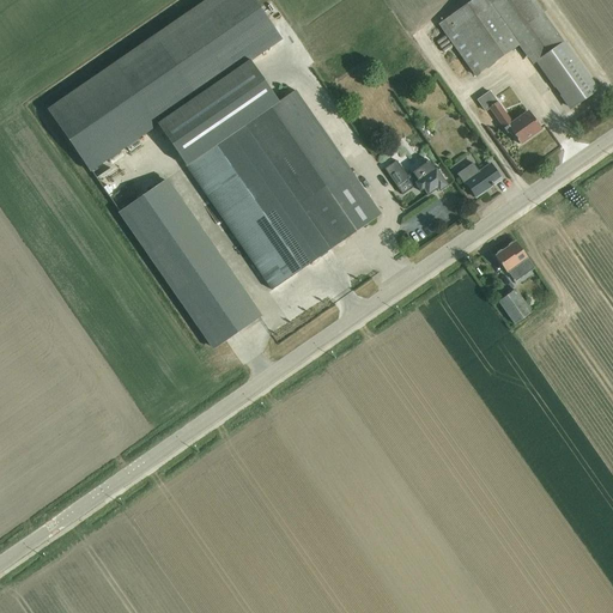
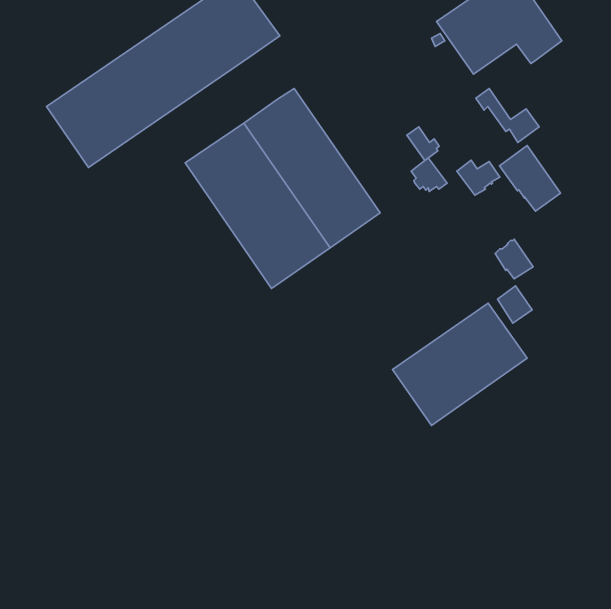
building: [535,41,596,107] -> [500,145,561,211]
building: [157,57,278,163] -> none
building: [384,159,417,193] -> [407,127,439,160]
building: [119,177,261,347] -> none
building: none -> [393,303,527,425]

